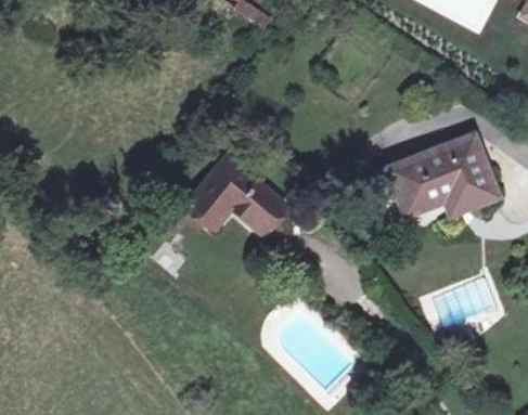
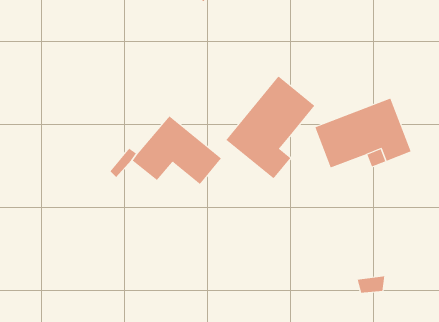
building: none -> [226,76,315,179]

